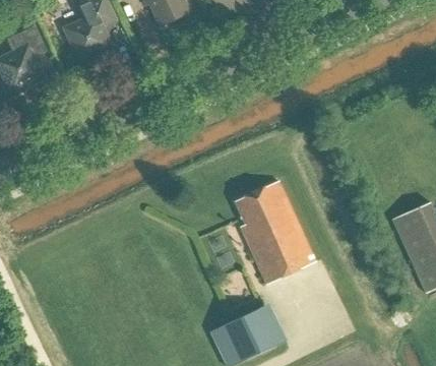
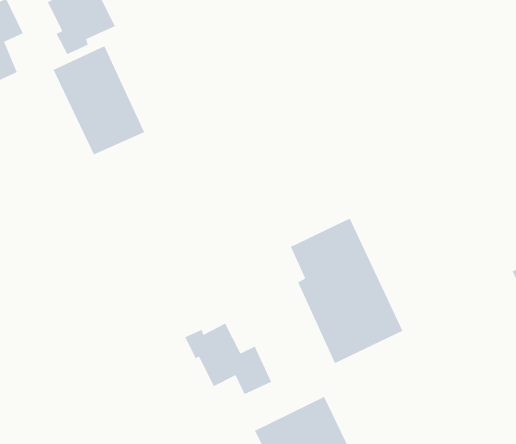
building: none -> [52,45,145,156]
building: none -> [184,323,272,395]

